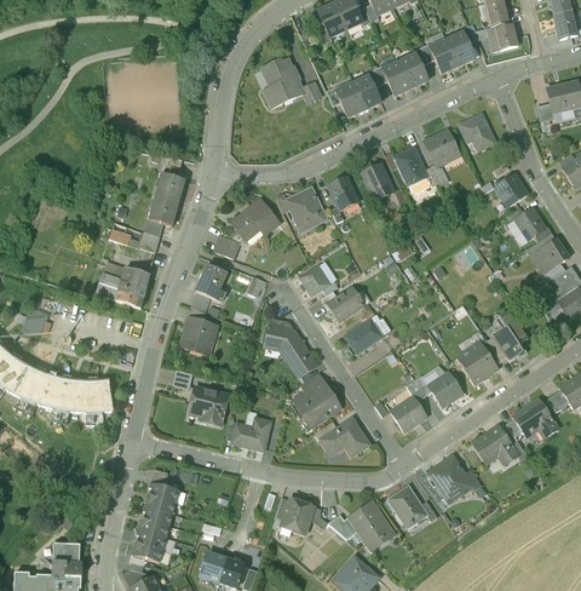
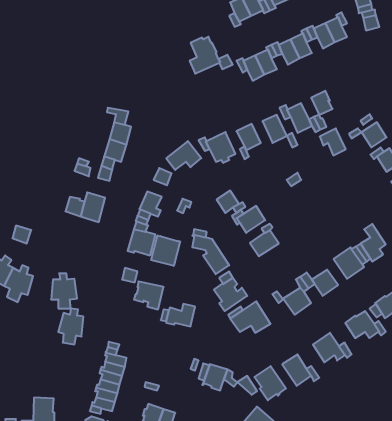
building: [459,114,494,150] -> [320,128,346,155]
building: none -> [151,235,180,266]
building: [45,374,79,423] -> [58,308,83,344]

